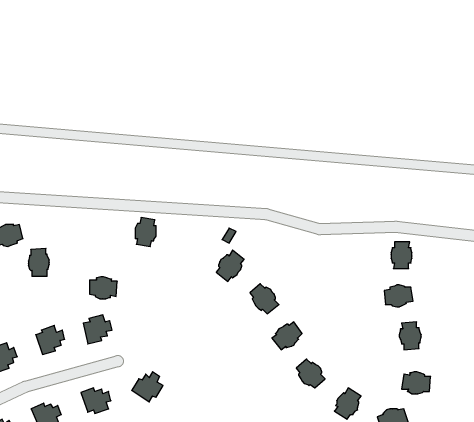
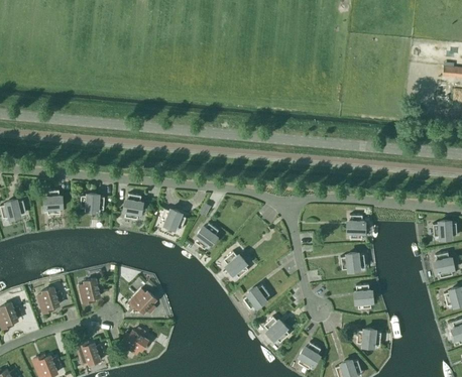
building: none -> [158,209,186,230]
building: [28,248,49,276] -> [43,191,62,215]
building: [90,277,117,299] -> [80,194,104,213]
building: none -> [128,290,155,313]

